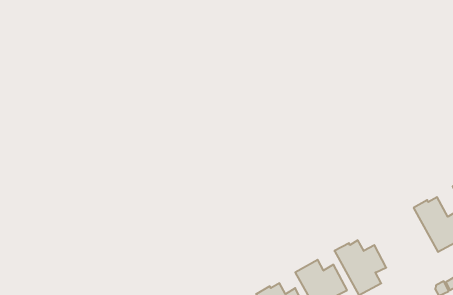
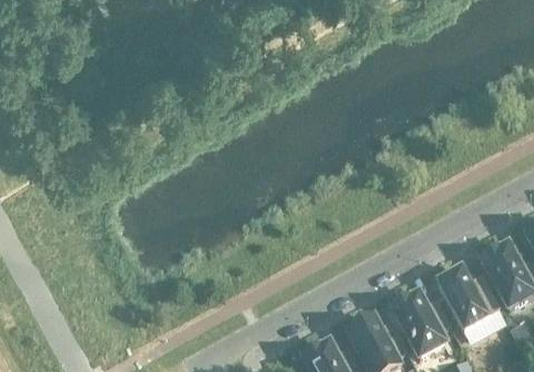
building: none -> [437,266,500,331]

